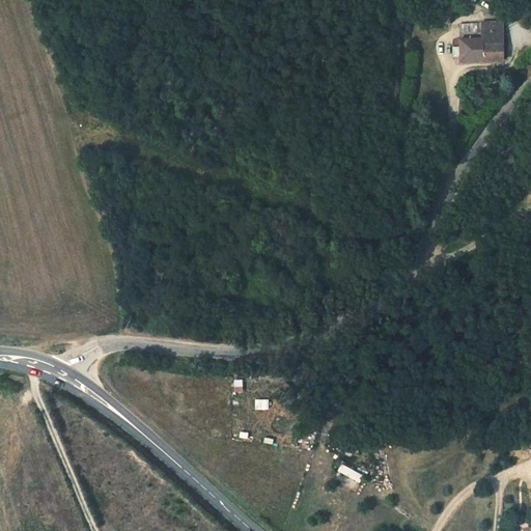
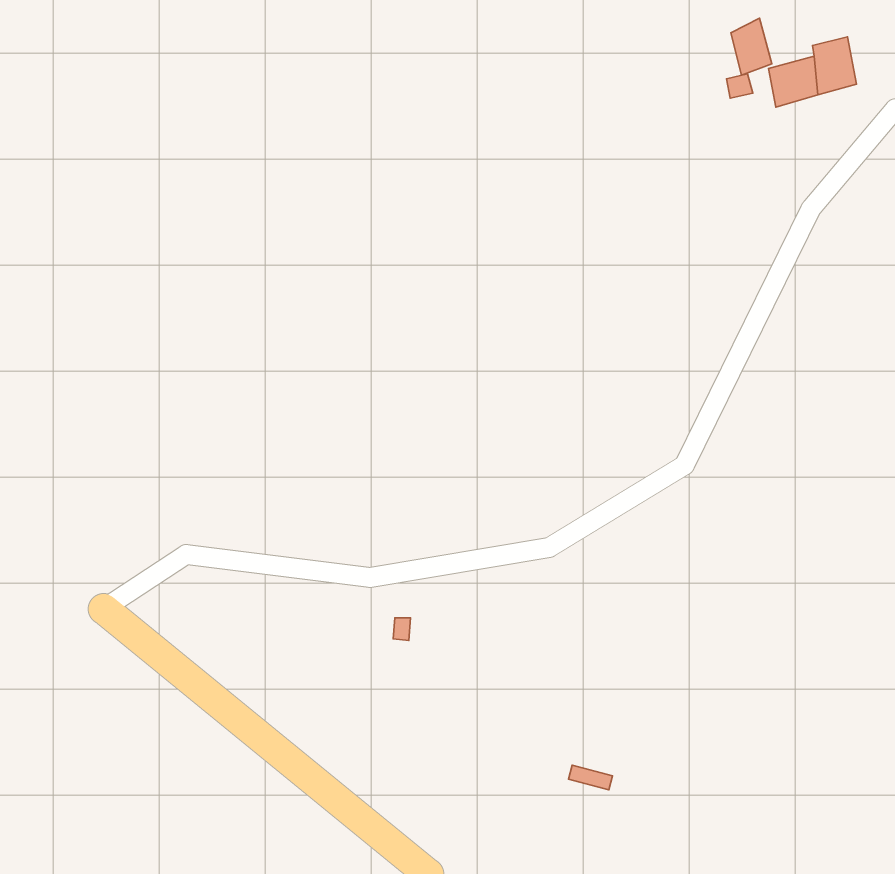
building: none -> [731,18,772,75]

